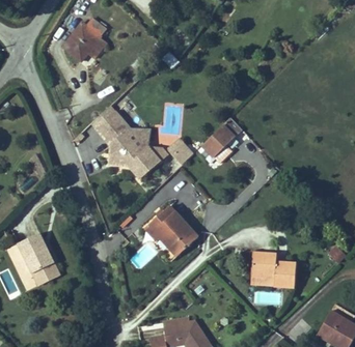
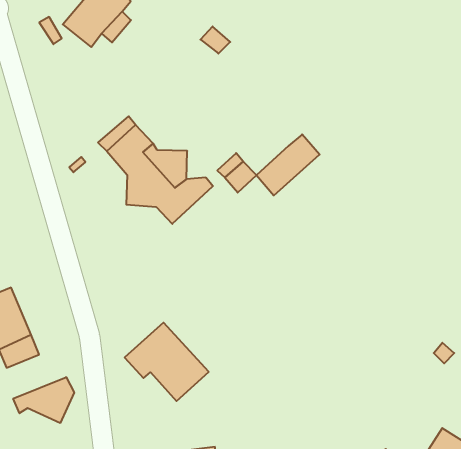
building: [143,203,199,254] -> [125,323,209,401]
building: [248,251,295,288] -> none
building: none -> [13,377,74,423]

